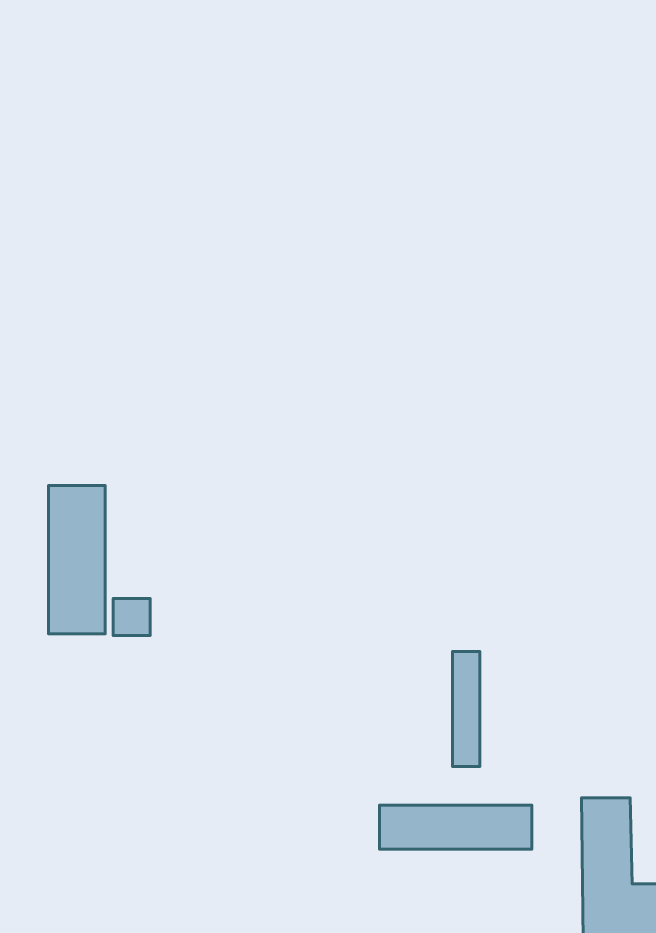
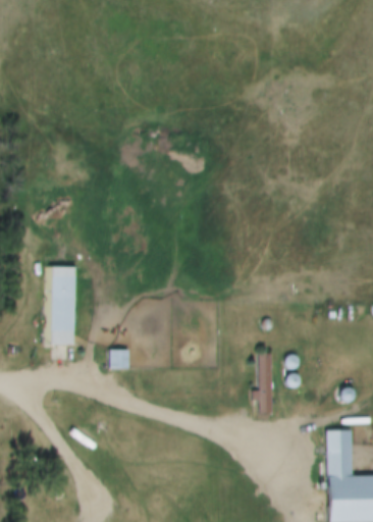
building: [113,598,150,636] -> [109,350,128,369]
building: [380,805,532,849] -> none

